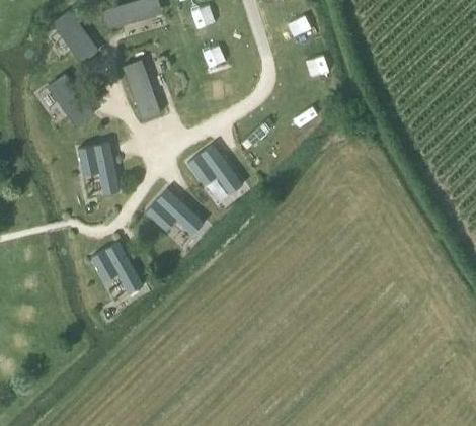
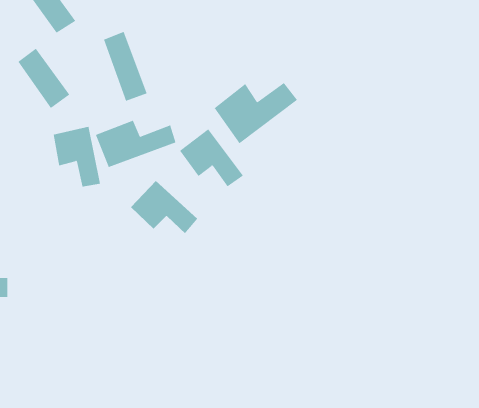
building: none -> [214,82,298,144]
building: none -> [95,120,176,168]
building: [90,241,143,293] -> none

